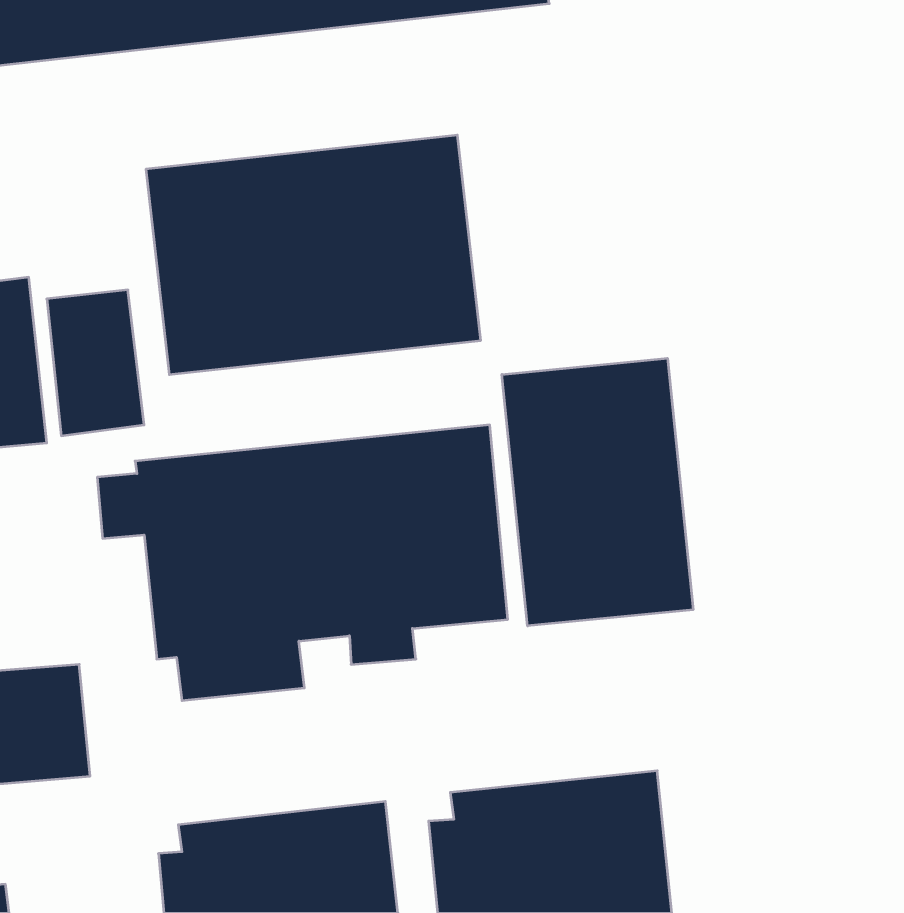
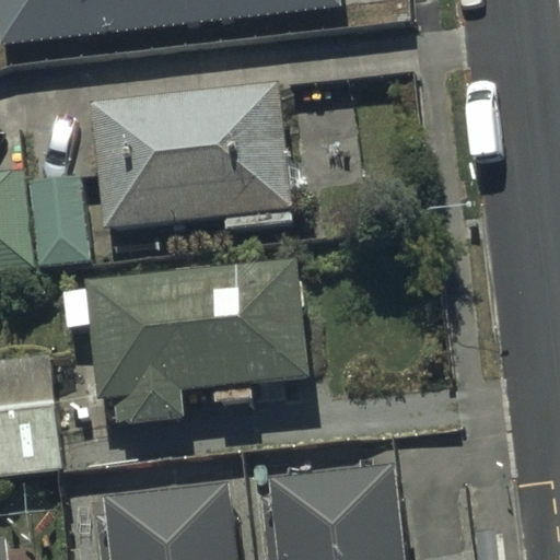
building: [502,358,693,626] -> none

